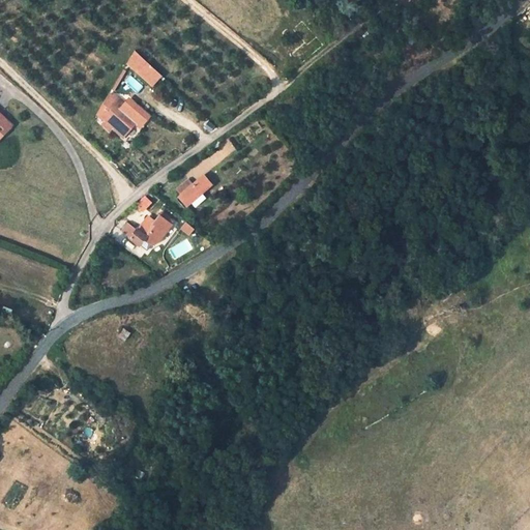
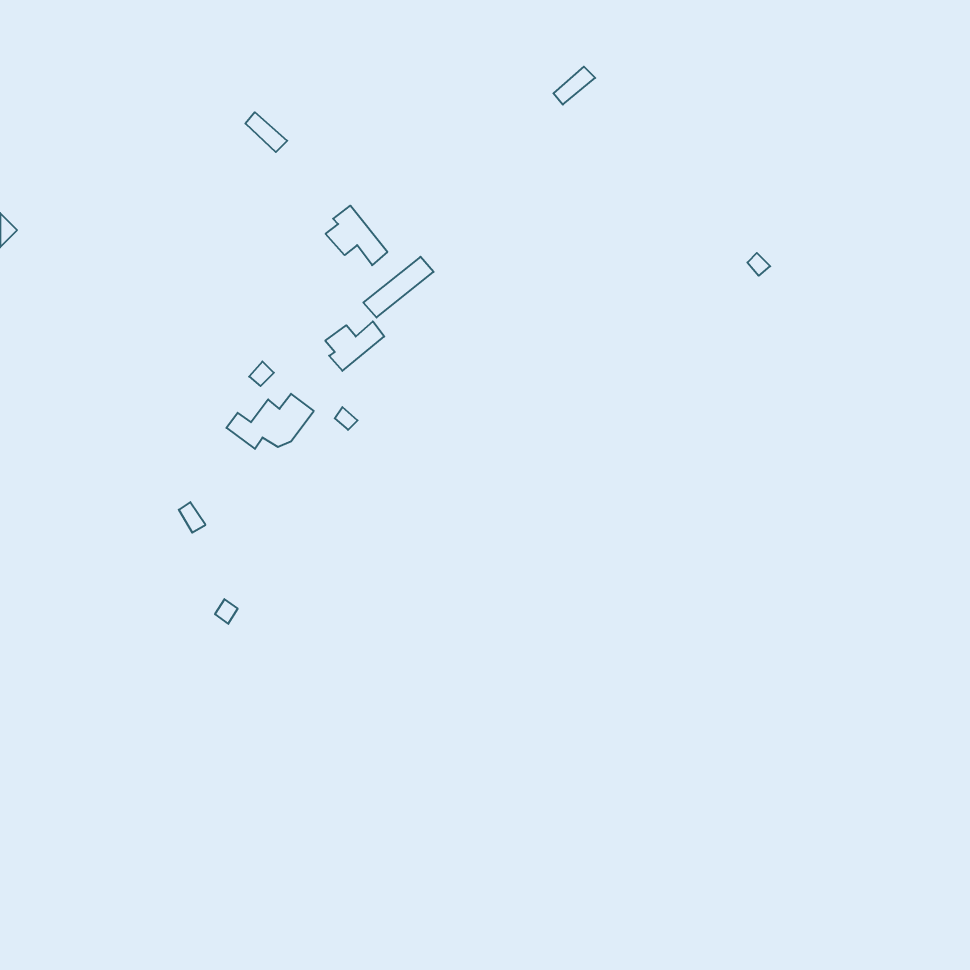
building: [101,91,140,137] -> none
building: none -> [326,206,387,265]

